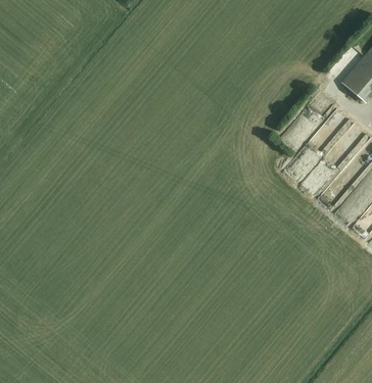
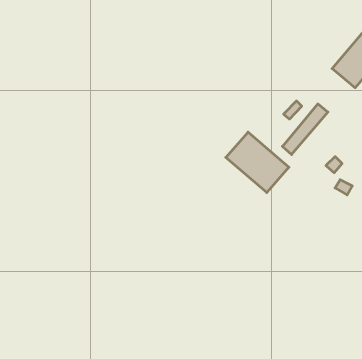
building: none -> [226,132,289,193]

